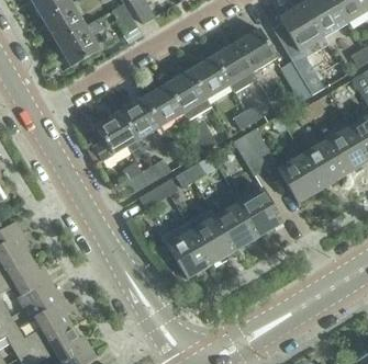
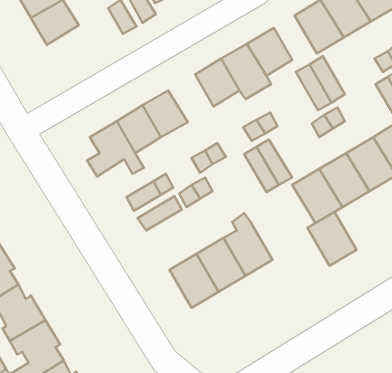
building: [56,18,103,66] -> none
building: [165,69,210,118] -> none
building: [238,186,282,235] -> [307,212,356,266]

